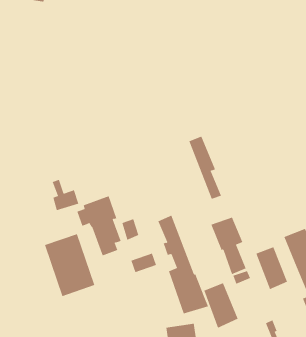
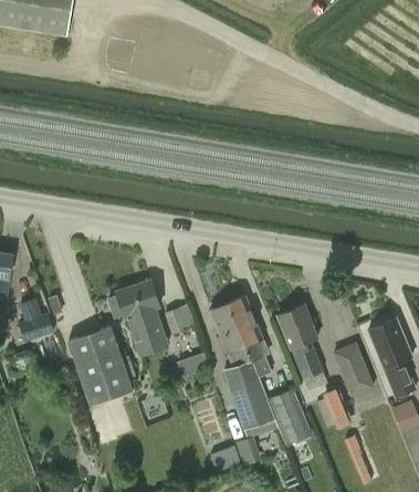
building: [188,136,222,200] -> [228,296,270,377]
building: [52,179,79,211] -> [19,301,53,341]
building: none -> [317,389,350,429]

